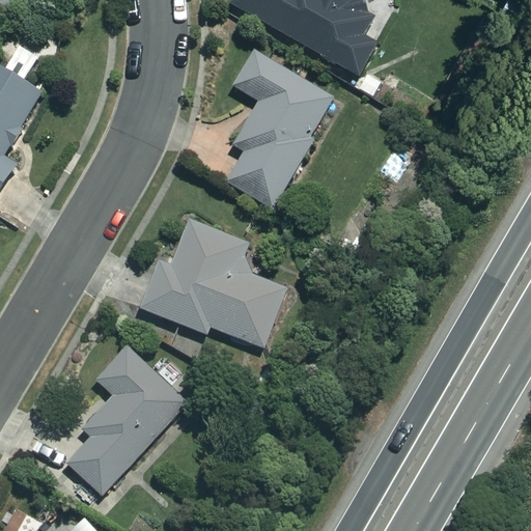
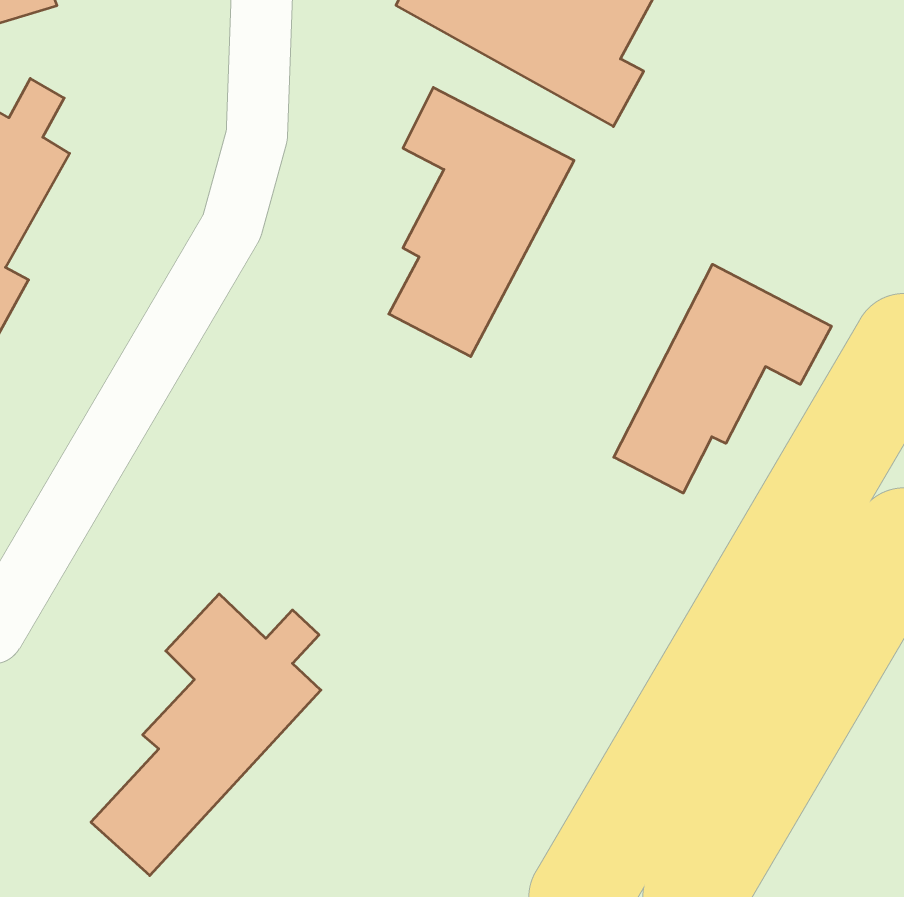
building: none -> [614,264,831,493]
building: [140,220,285,346] -> none

